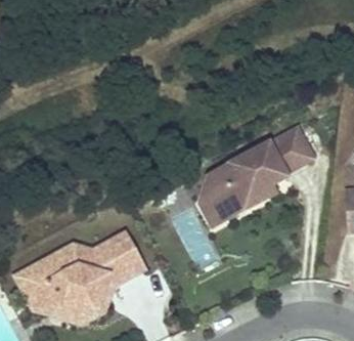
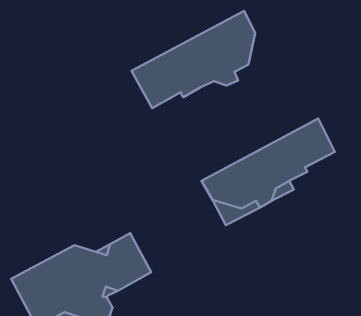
building: none -> [131,11,255,108]

